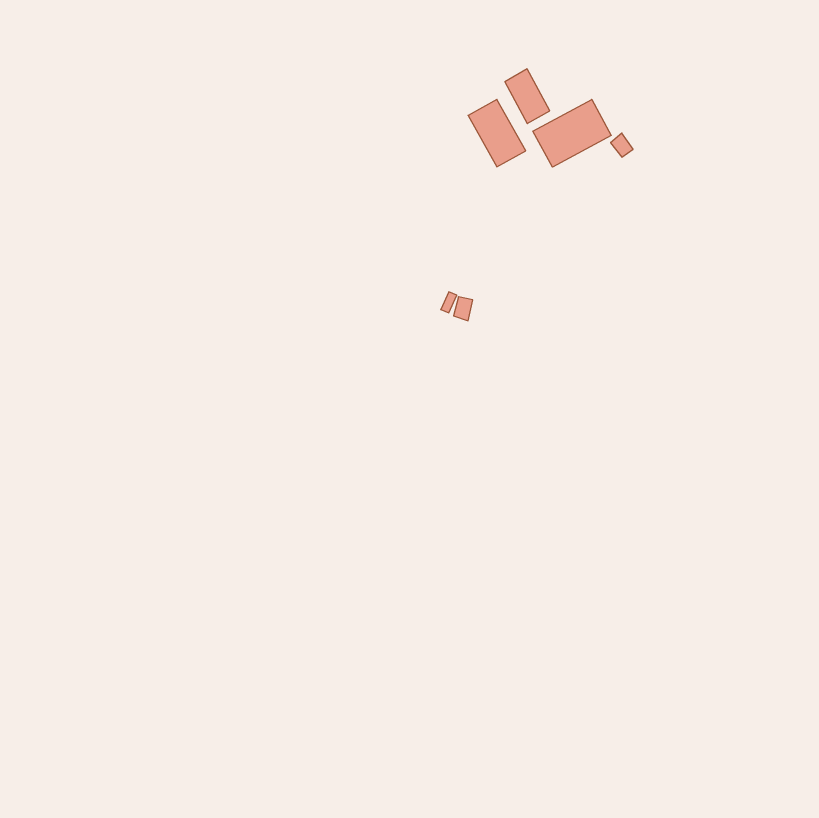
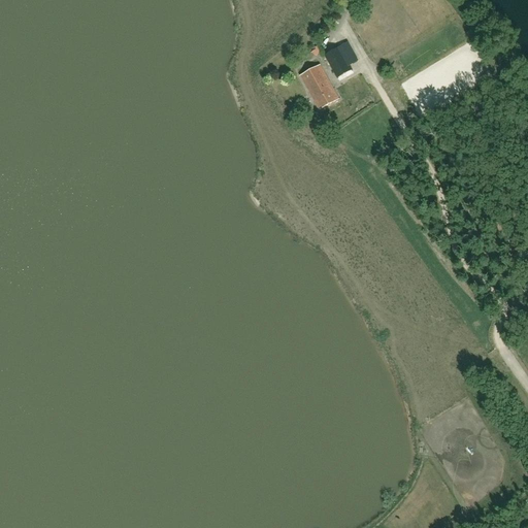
building: [533,99,611,167] -> none

